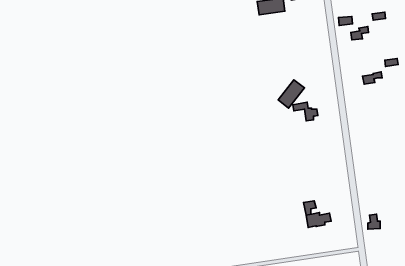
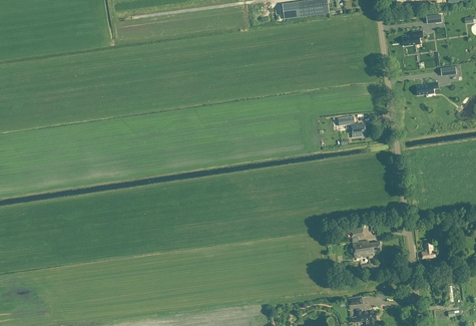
building: [278,80,304,108] -> none

